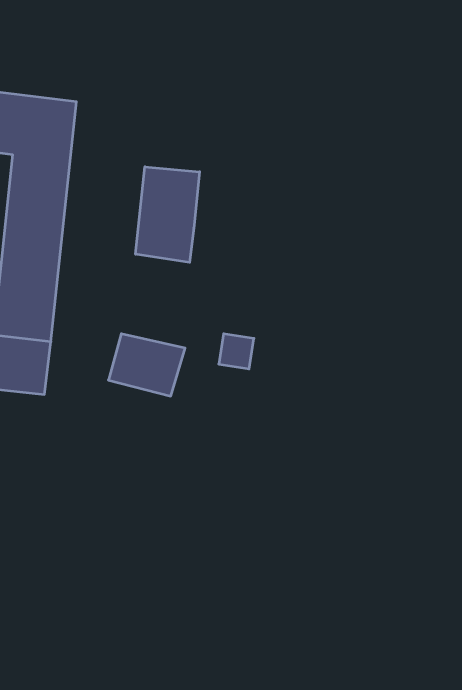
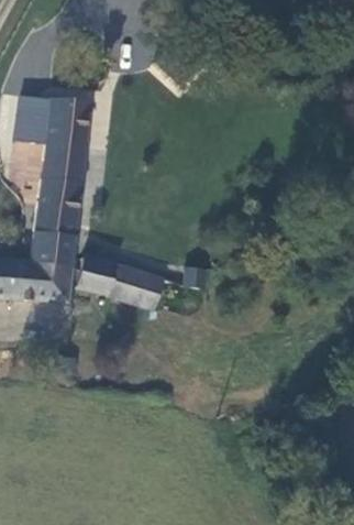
building: [136,167,200,262] -> none
building: none -> [76,256,115,296]

